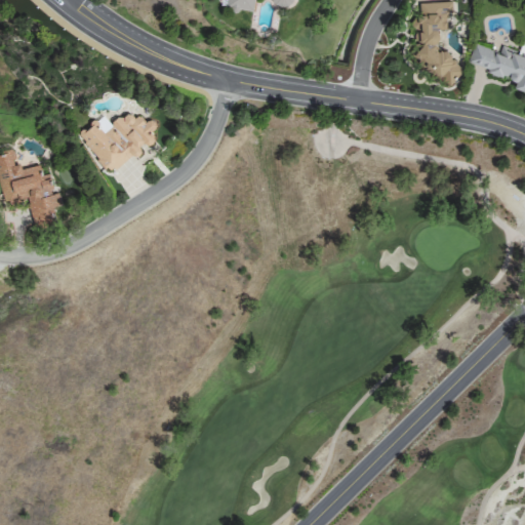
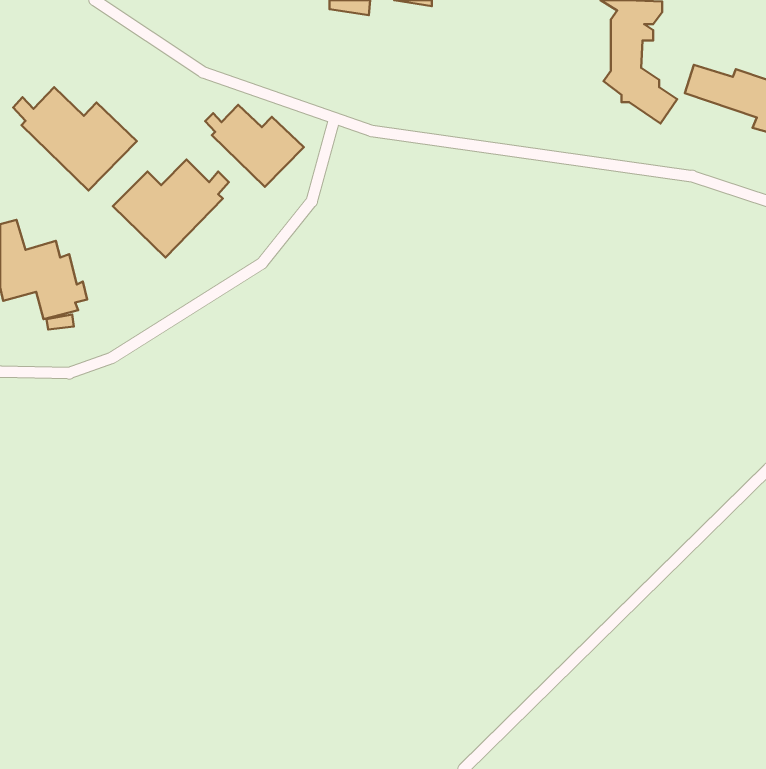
building: none -> [13,87,137,191]
building: none -> [205,105,304,187]

